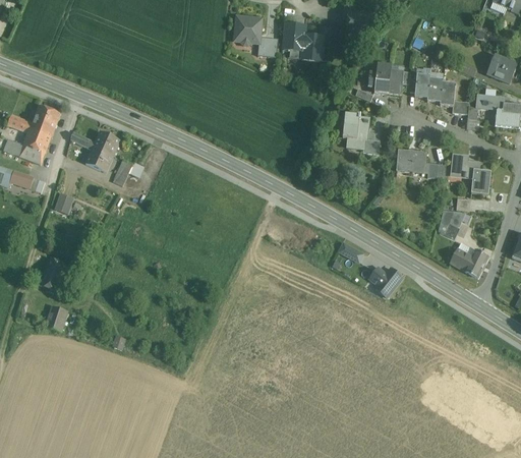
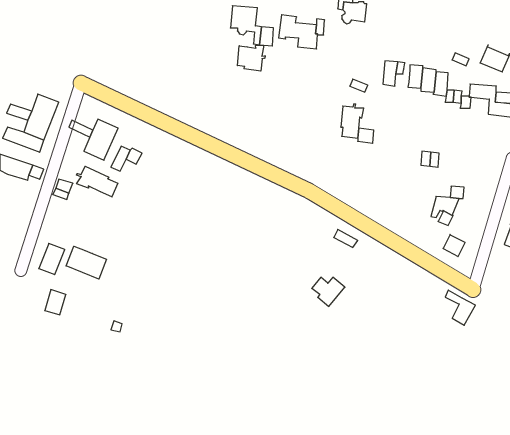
building: none -> [237,45,265,71]
building: [369,63,391,95] -> none
building: [396,150,426,173] -> none
building: [452,155,488,194] -> none
building: none -> [76,166,118,197]
building: [458,241,488,277] -> [445,290,475,325]
building: none -> [66,246,107,279]
building: [369,267,403,296] -> [312,277,345,306]

